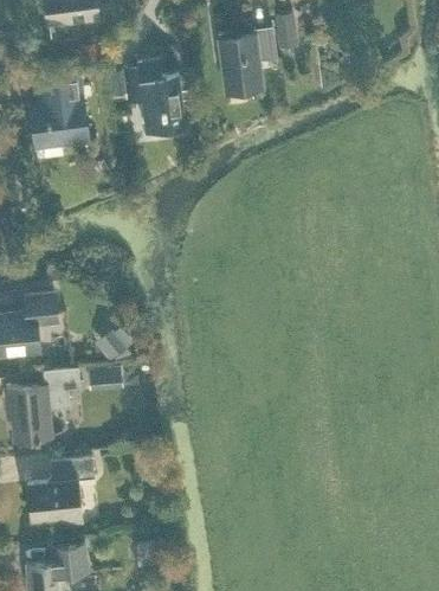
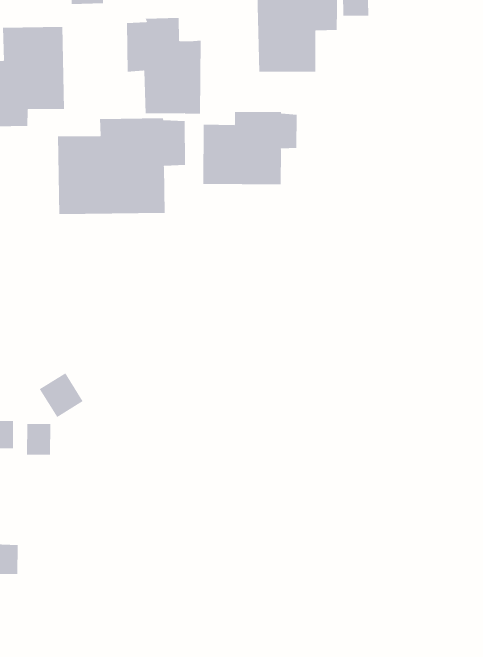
building: none -> [203,111,297,185]
building: none -> [57,117,185,215]

